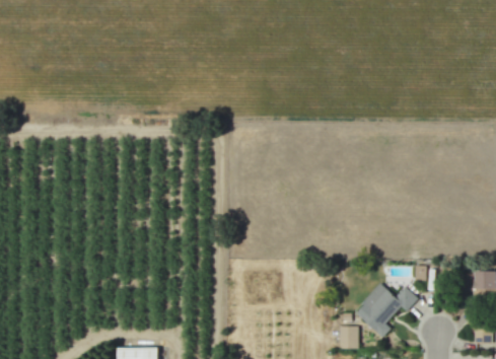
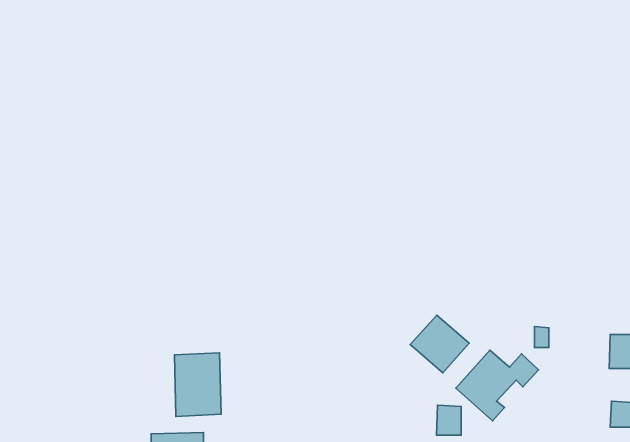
building: none -> [410,315,469,373]
building: none -> [174,353,221,416]

